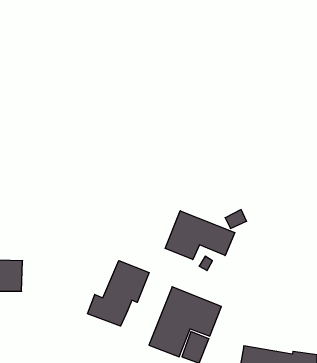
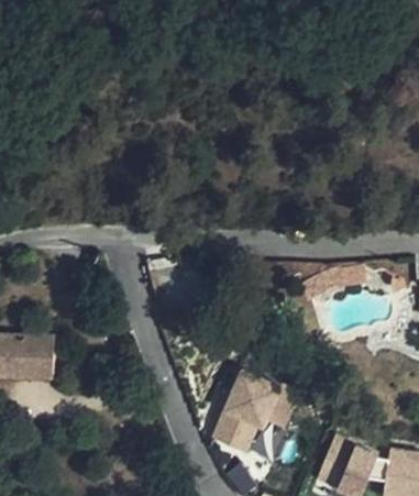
building: [165,211,235,260] -> none
building: [87,261,149,326] -> none

